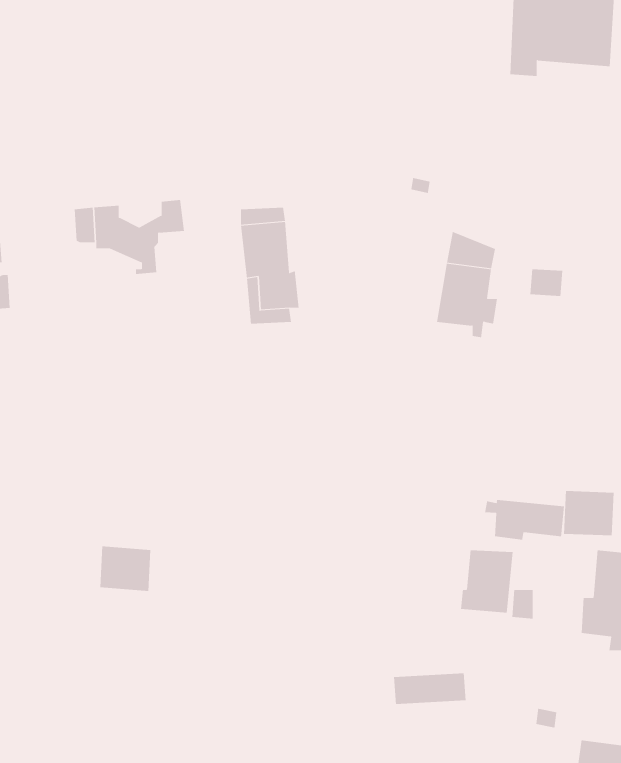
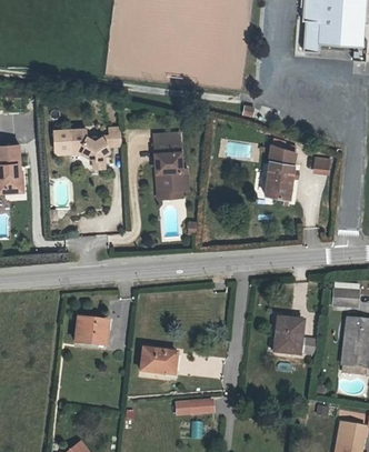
building: [485,499,564,541] -> none
building: none -> [143,354,177,379]
building: [393,673,466,704] -> [174,402,216,420]

